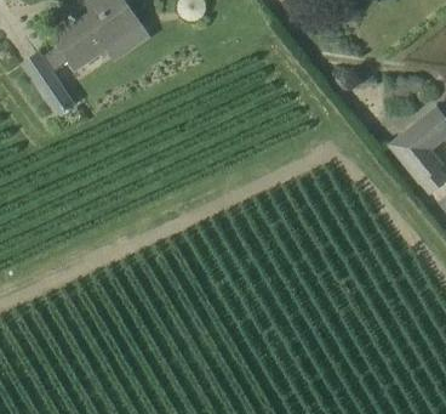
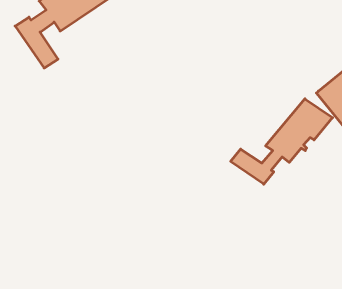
building: none -> [231,99,333,184]

